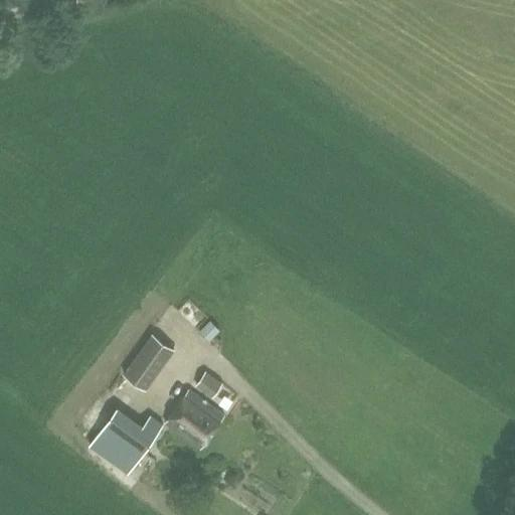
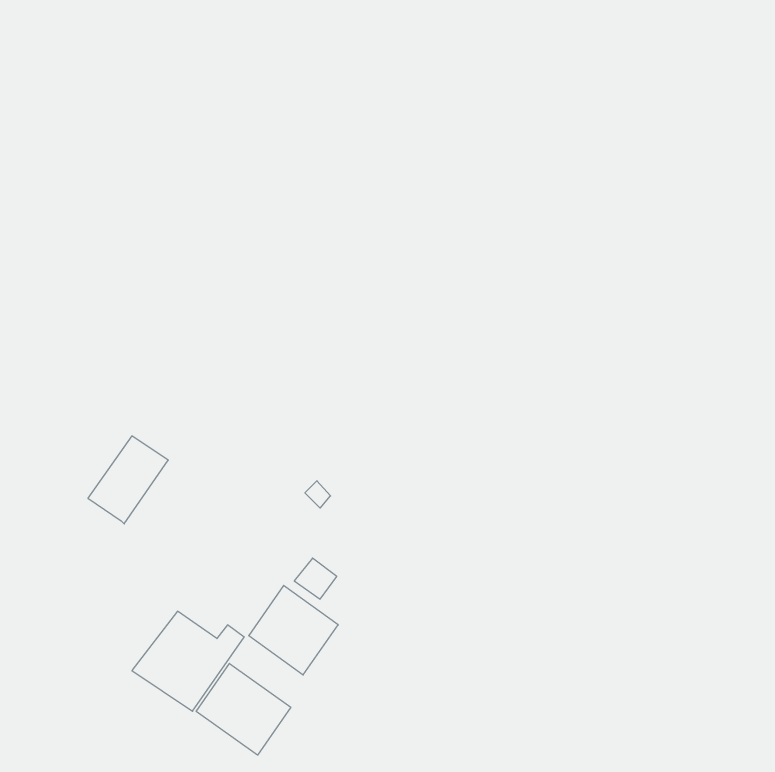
building: [122,333,175,391] -> [88,436,168,524]
building: none -> [196,663,291,755]

